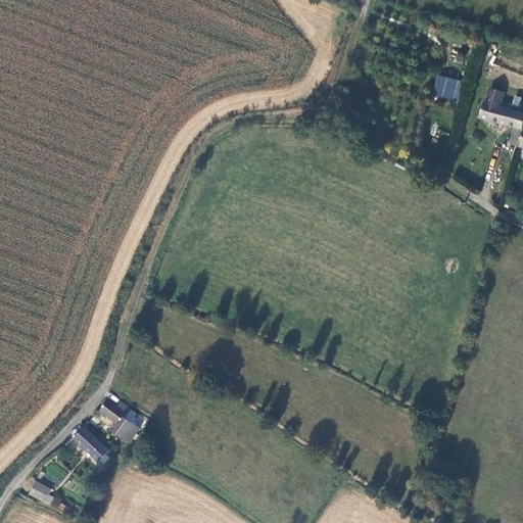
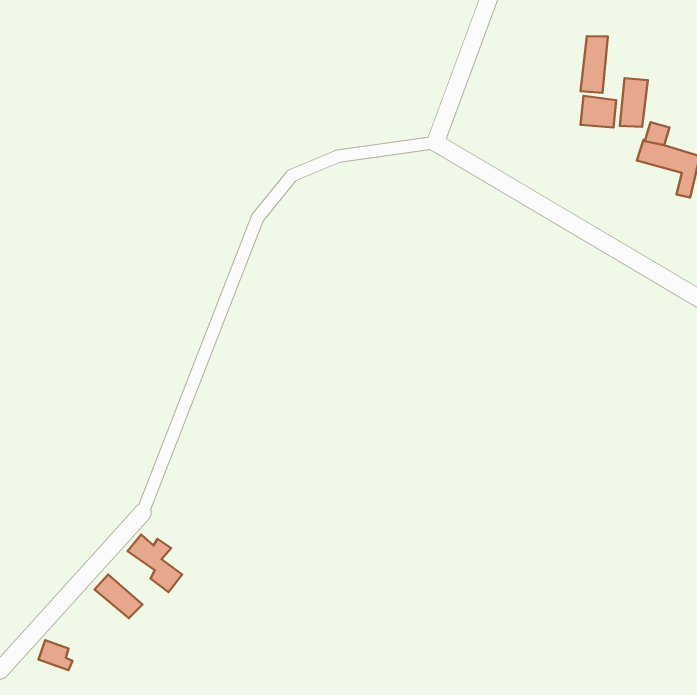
building: none -> [581,36,608,93]
building: none -> [620,78,648,127]

